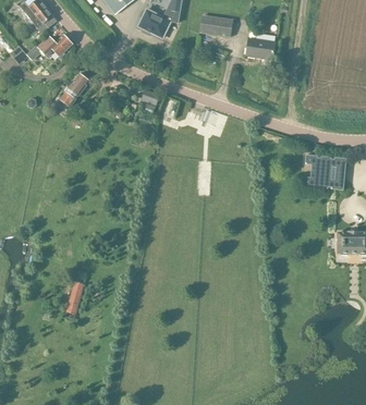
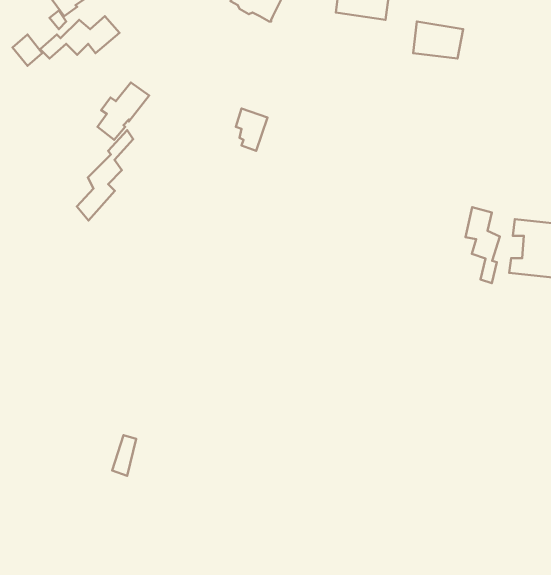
building: none -> [77,130,133,220]
building: none -> [466,207,500,283]

